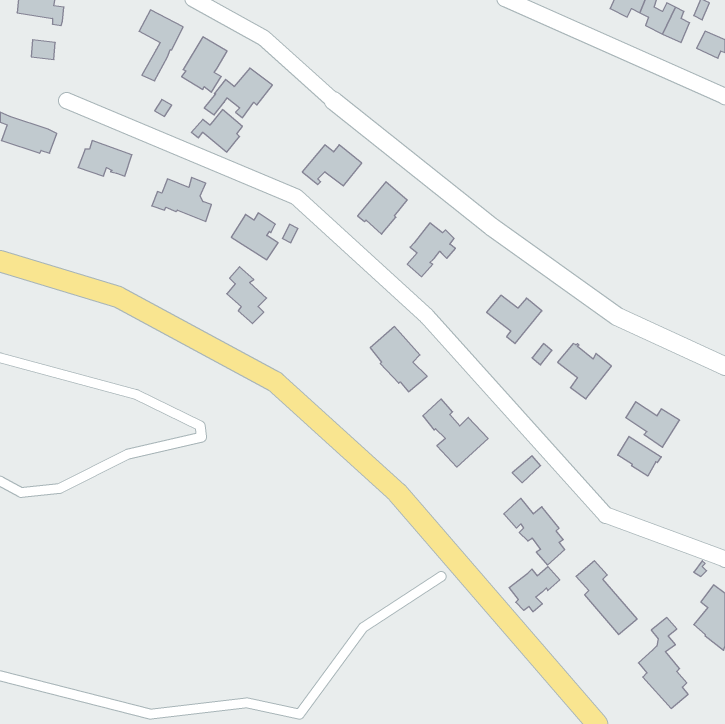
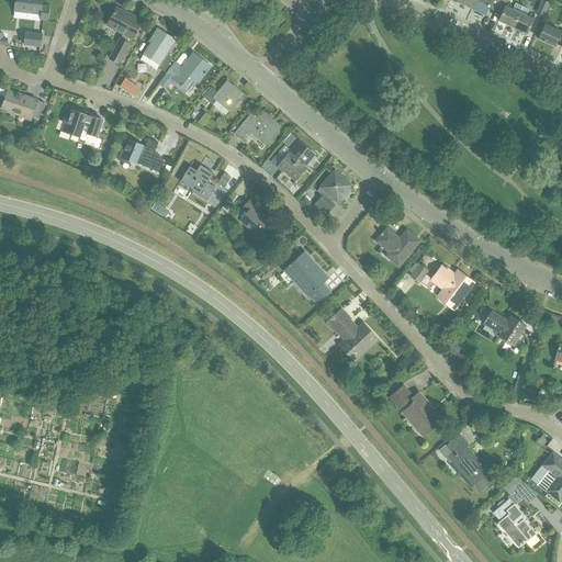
building: [191,110,242,152] -> [203,80,243,113]
building: [227,267,267,324] -> [240,200,271,244]
building: [618,436,661,476] -> none
building: [509,567,560,612] -> none

